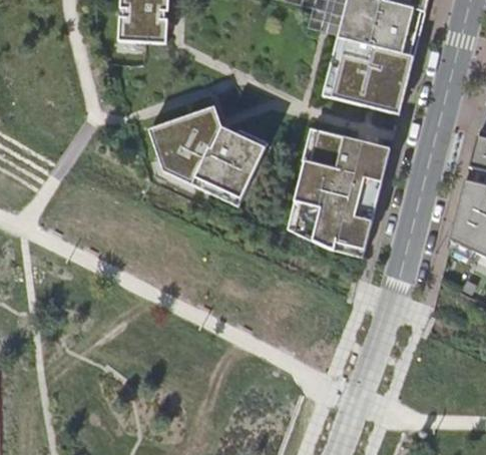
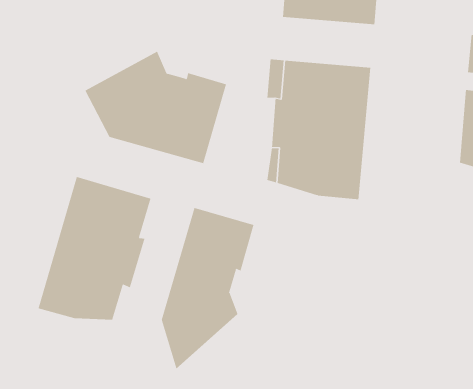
building: none -> [38,176,151,321]
building: none -> [161,207,254,370]

